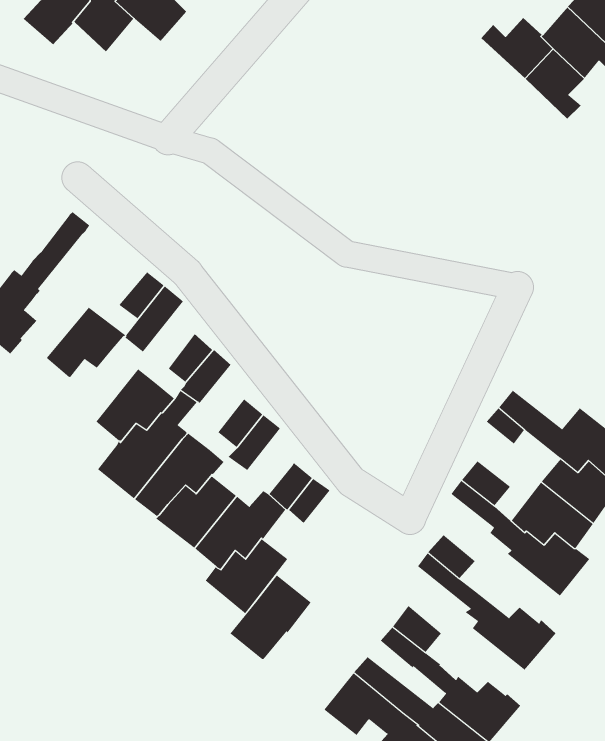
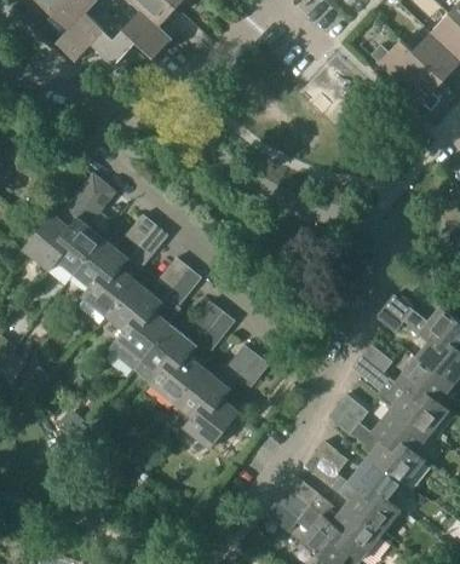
building: none -> [58,183,117,274]
building: none -> [82,267,138,317]
building: none -> [369,408,427,455]
building: [229,575,311,660] -> none
building: none -> [345,459,403,505]

